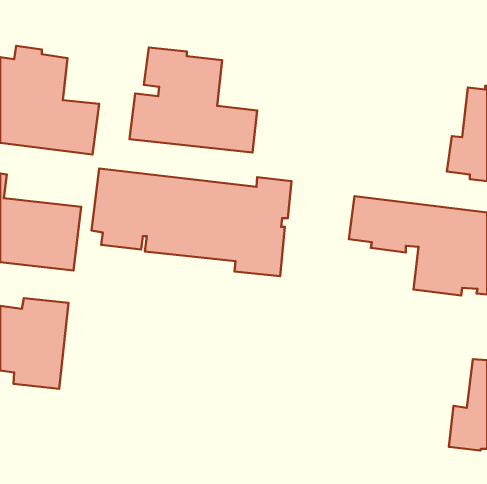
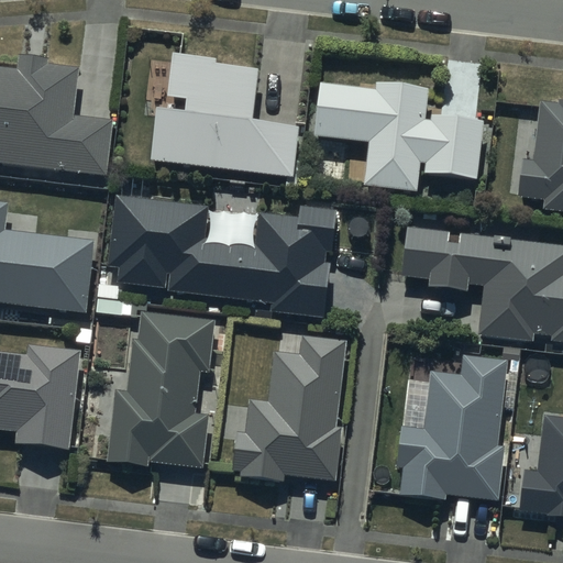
building: none -> [314,81,481,190]
building: none -> [106,311,216,466]
building: none -> [232,336,344,481]
building: none -> [396,353,507,500]

